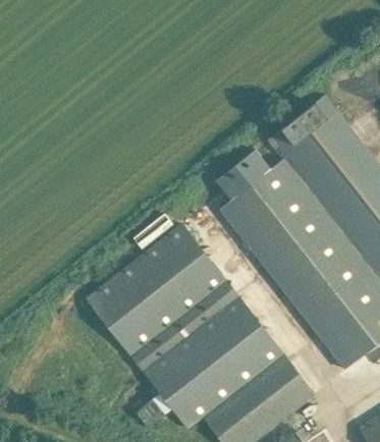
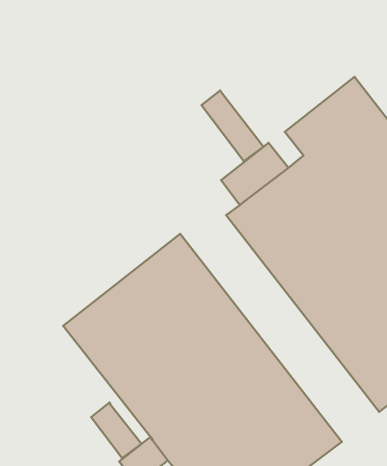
building: none -> [202,90,264,161]
building: none -> [91,403,141,458]

